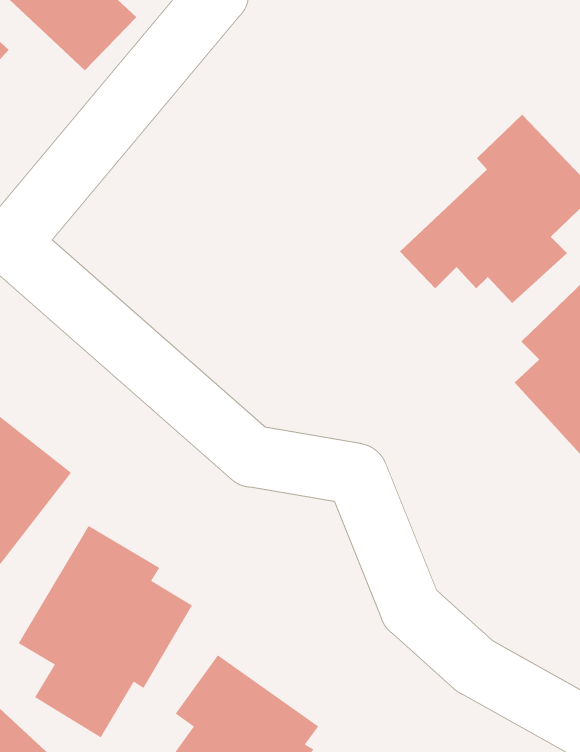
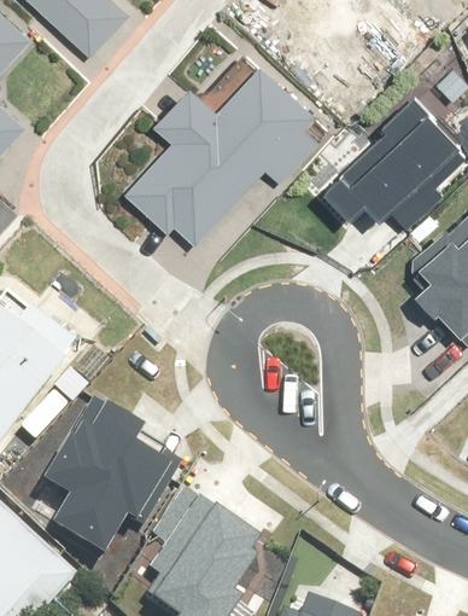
building: none -> [125,60,324,245]

